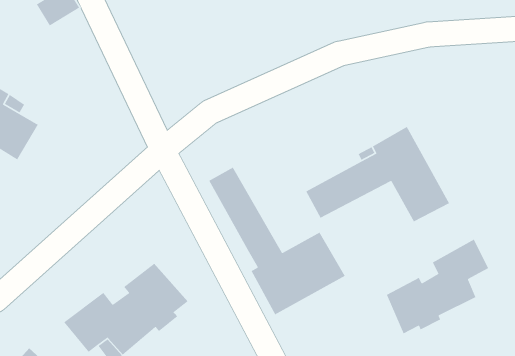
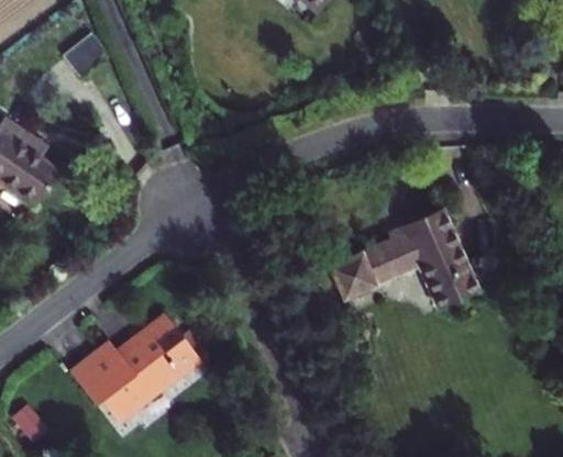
building: [208,167,346,315] -> none
building: [386,239,489,335] -> none

